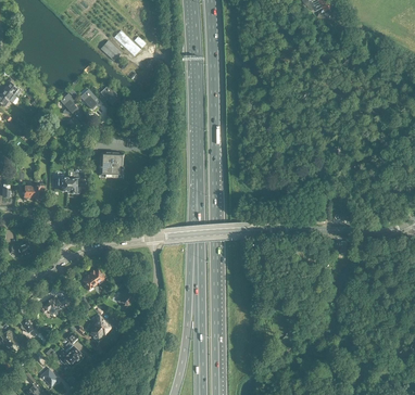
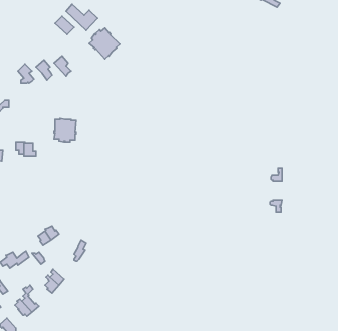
building: none -> [89,28,120,59]

